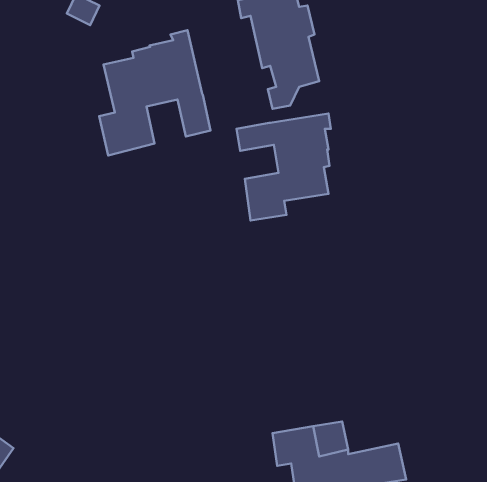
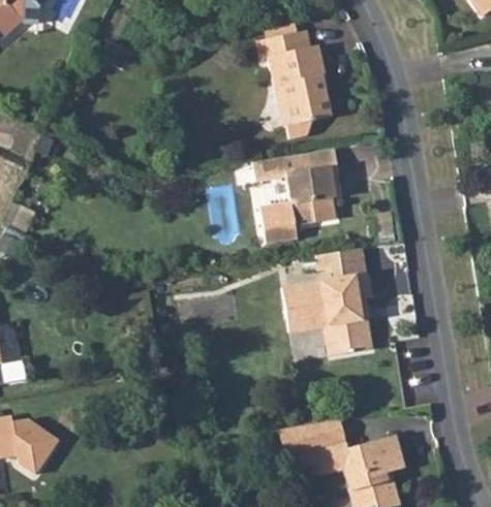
building: [99,30,210,155] -> none
building: none -> [281,249,369,361]

